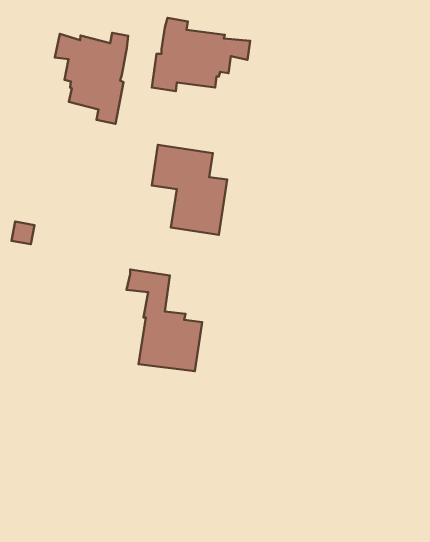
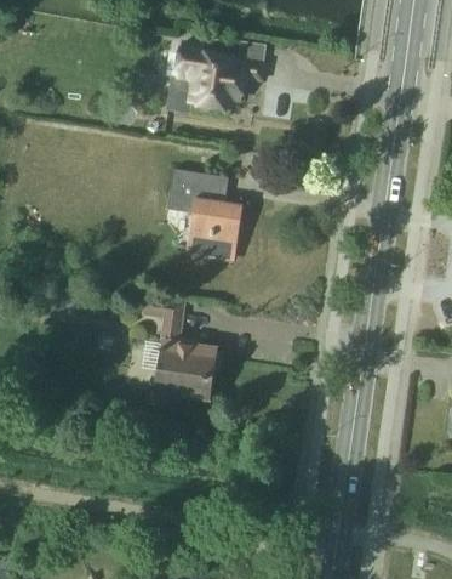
building: [55,33,128,124] -> none

